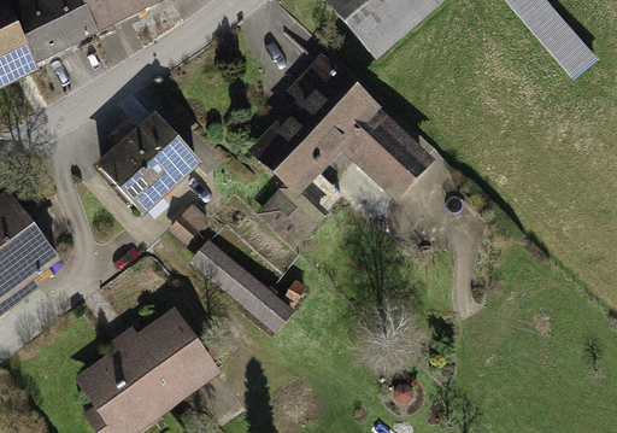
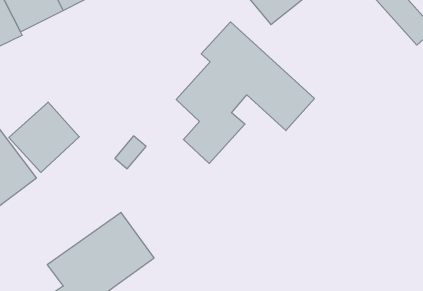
building: [105,116,200,211] -> [9,102,79,172]
building: [187,239,295,338] -> none

